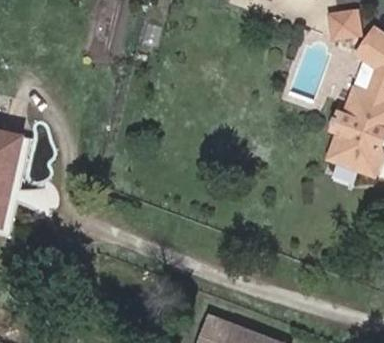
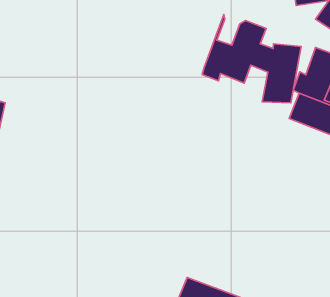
building: none -> [202,15,301,103]

